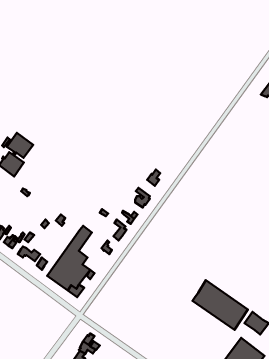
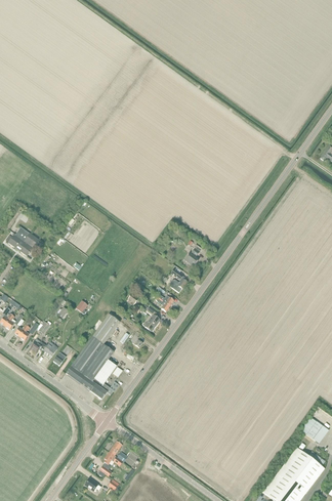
building: [7,133,33,158] -> none
building: [193,280,248,330] -> none

